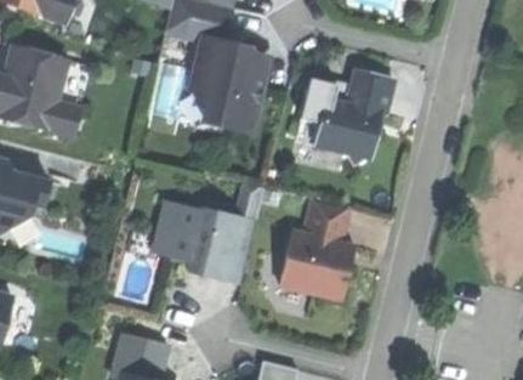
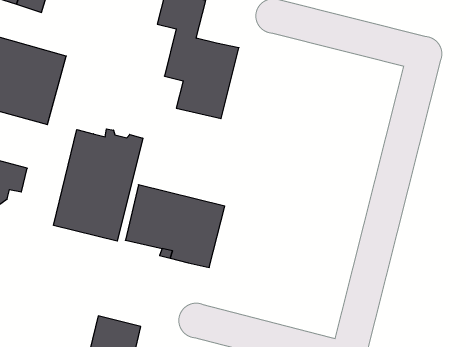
building: [313,68,393,163] -> none
building: none -> [54,129,143,241]
building: [278,199,354,300] -> none

